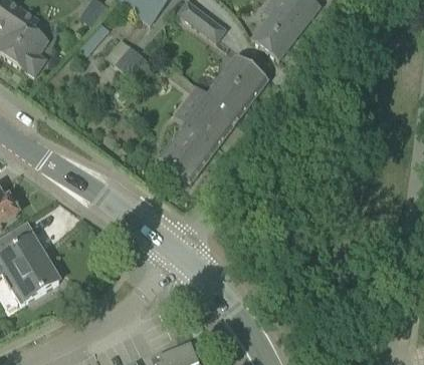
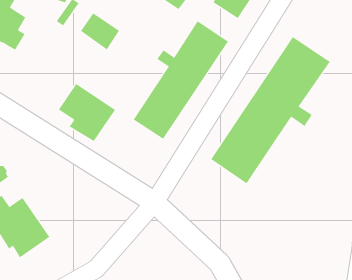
building: none -> [211,36,330,184]
building: none -> [58,83,116,142]

